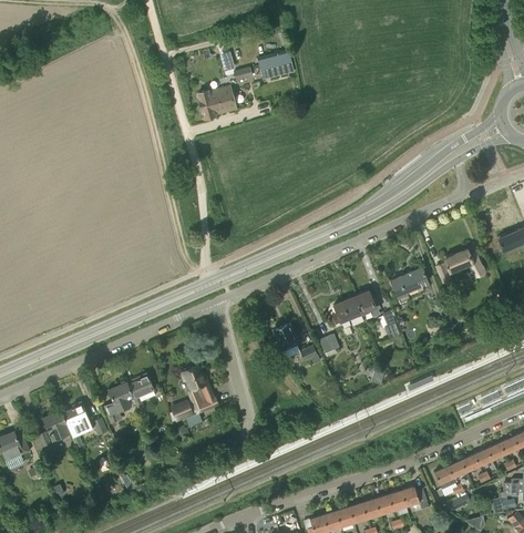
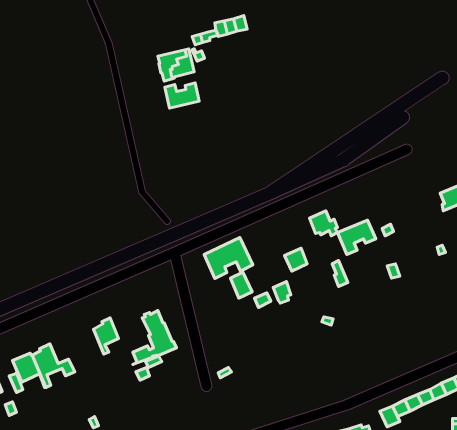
building: none -> [165,83,199,108]
building: [442,249,484,278] -> none
building: none -> [204,237,253,278]
building: [350,290,380,317] -> [309,211,337,236]
building: [104,381,140,426] -> none

